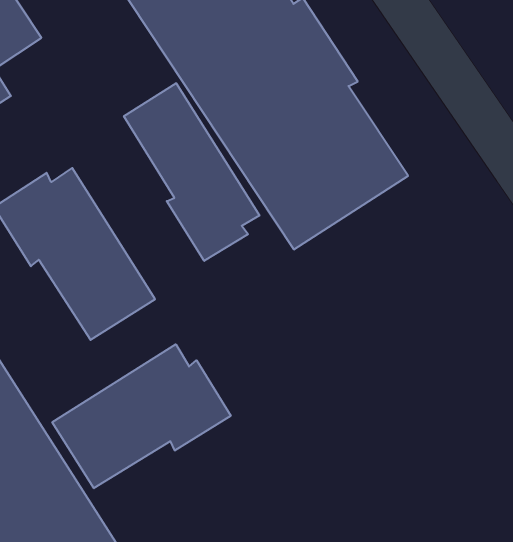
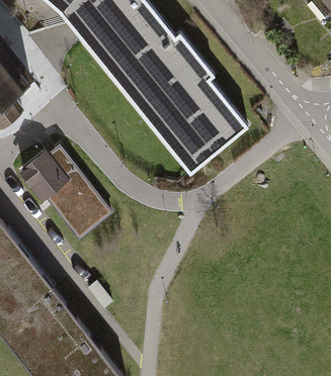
building: [124,83,259,261] -> none
building: [52,344,231,488] -> none

